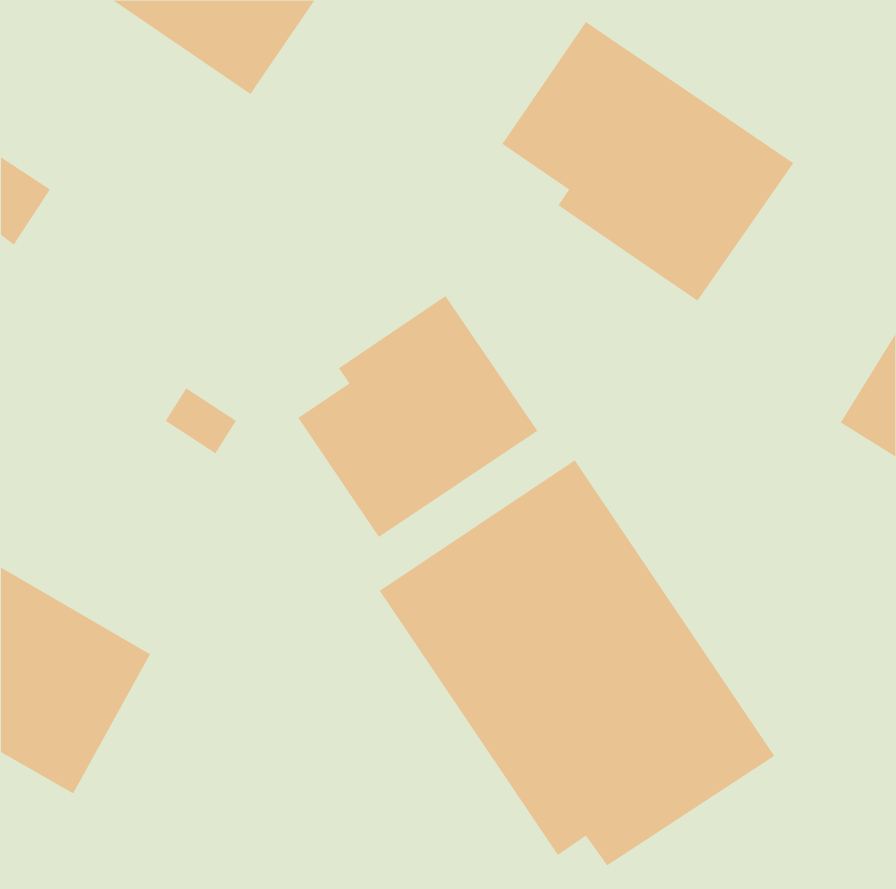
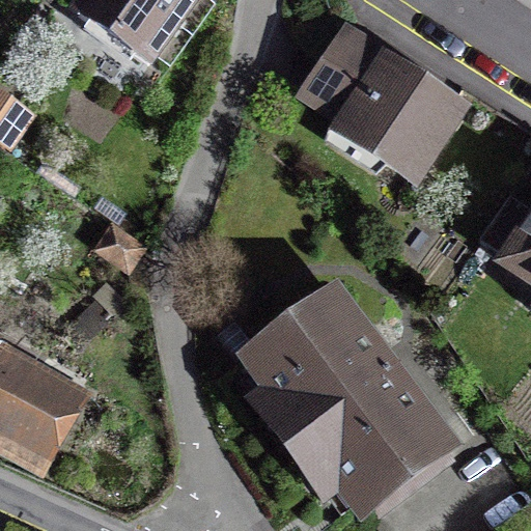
building: [298,295,538,538] -> none

